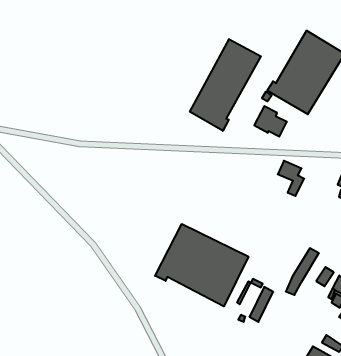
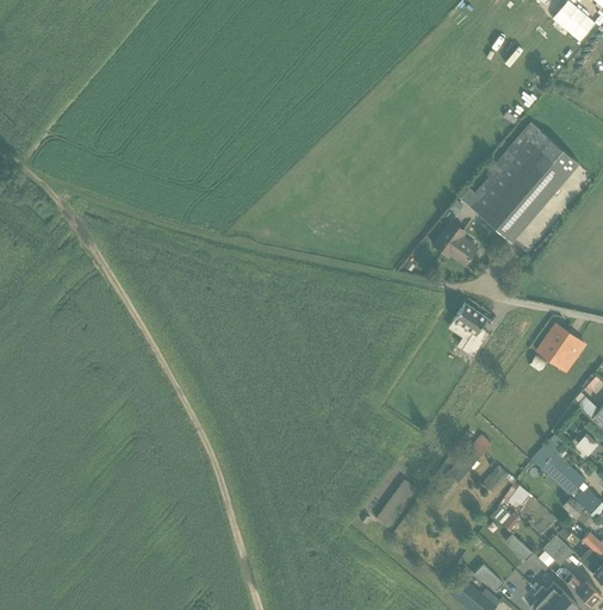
building: [190,39,261,131] -> none
building: [155,224,248,306] -> none

